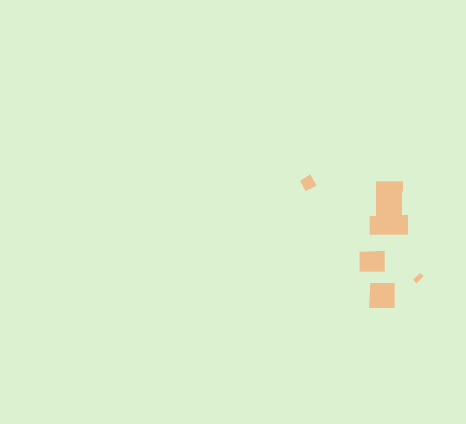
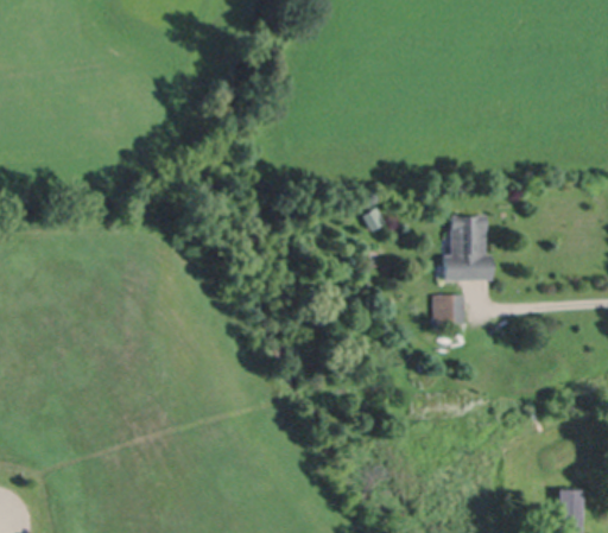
building: [369,282,395,309] -> none

